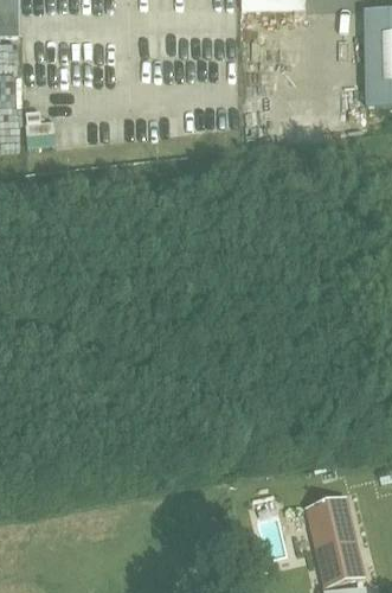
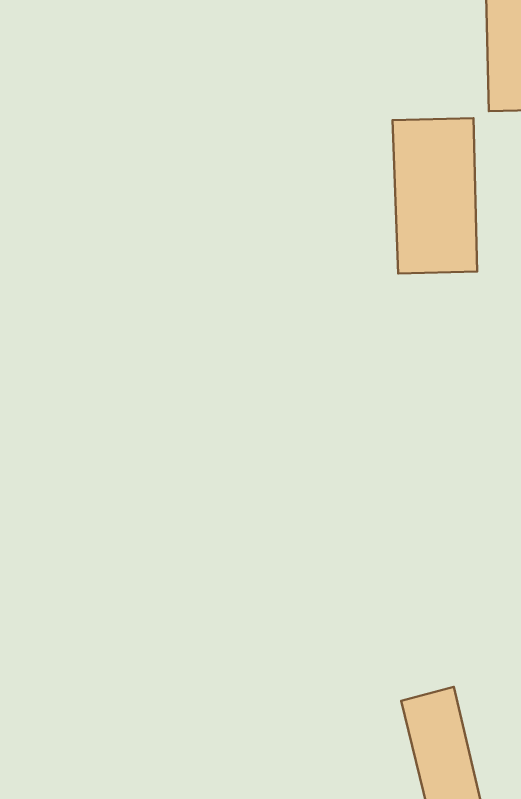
building: none -> [392,118,477,274]

